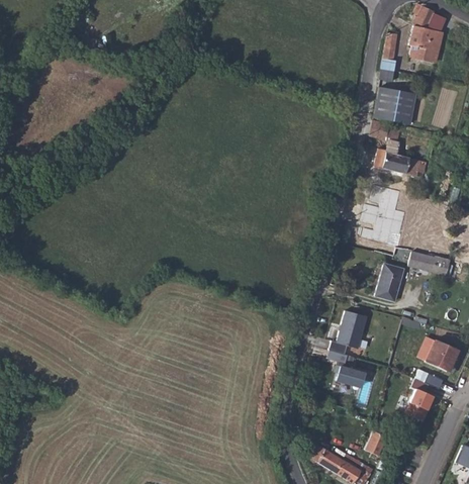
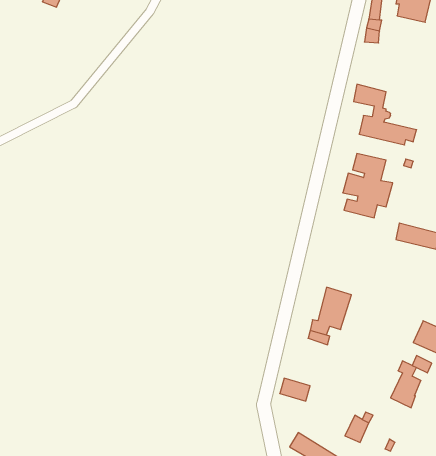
building: [376,89,415,124] -> none
building: [376,265,403,301] -> none
building: [336,365,364,386] -> [280,378,310,401]

